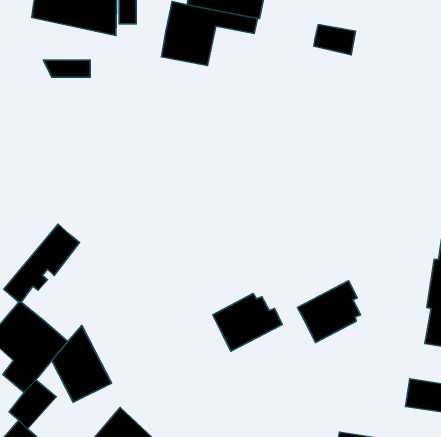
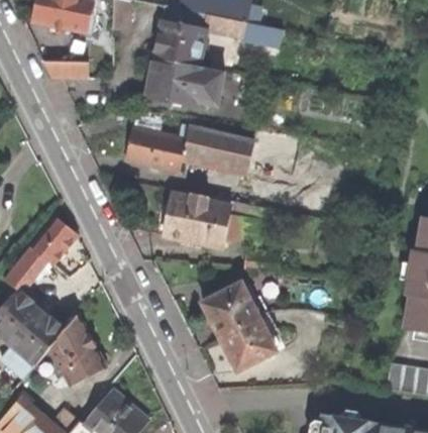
building: [314,25,355,55] -> [240,22,280,50]
building: none -> [145,59,221,105]
building: none -> [125,112,252,172]
building: none -> [163,193,230,246]
building: [298,281,360,343] -> [219,312,279,370]

